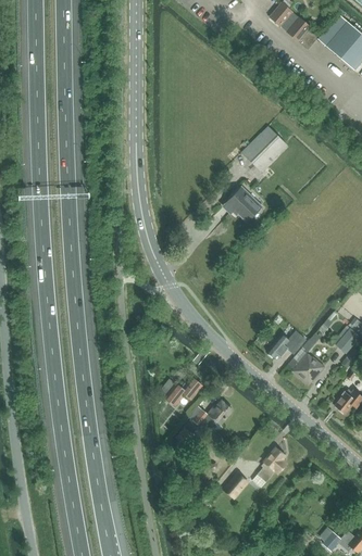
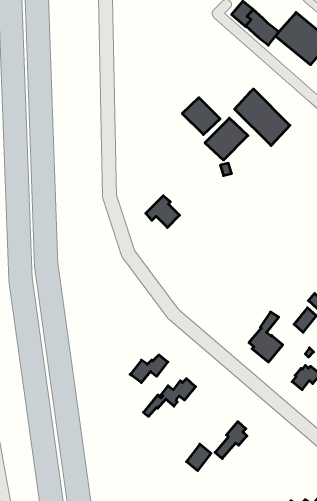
building: none -> [235,89,290,146]
building: none -> [182,98,220,135]
building: [223,187,259,220] -> [146,196,180,228]
building: [266,330,305,357] -> none

